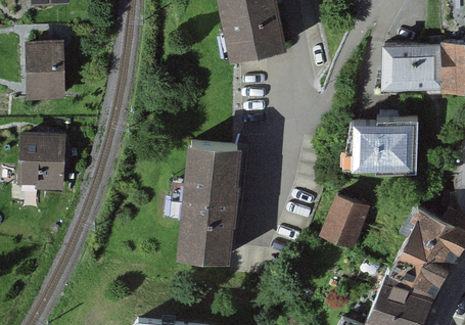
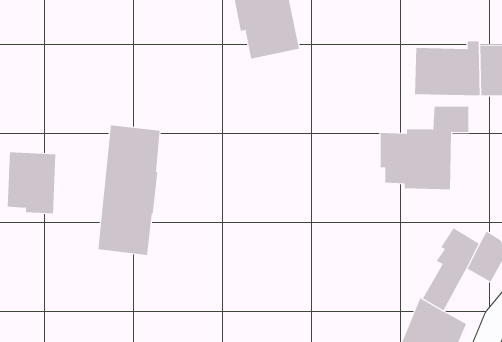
building: [27,46,65,103] -> none
building: [181,142,237,259] -> [97,125,160,255]
building: [322,195,367,245] -> none
building: [411,242,453,292] -> none

